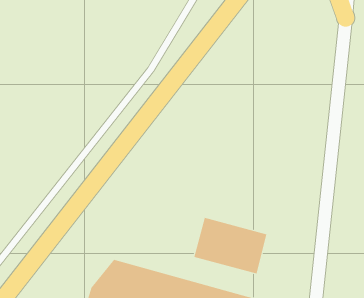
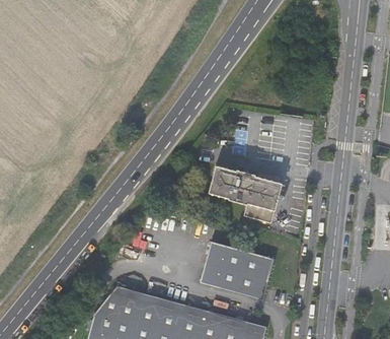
building: none -> [210,166,285,224]

